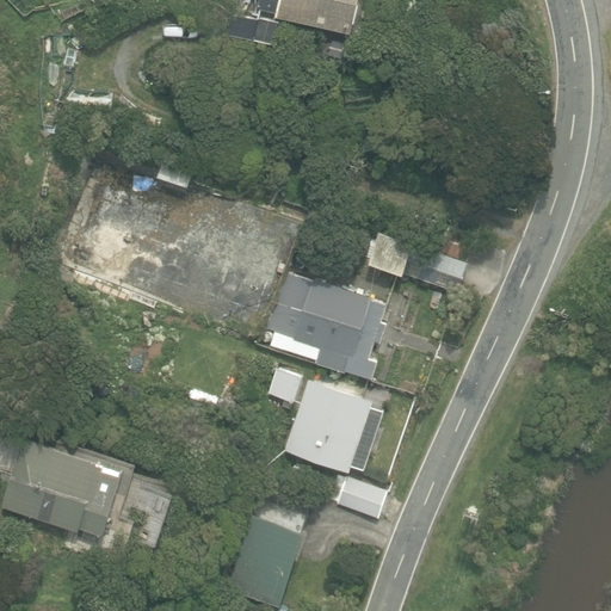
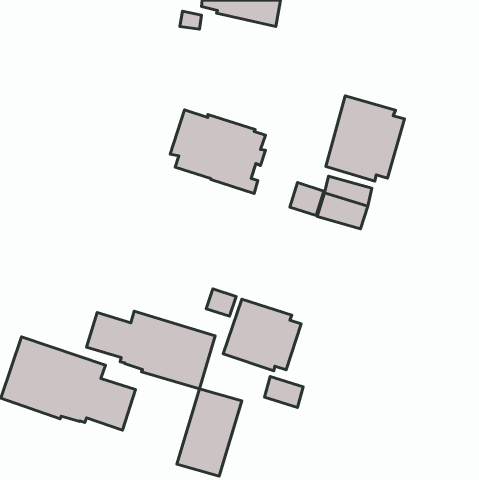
building: none -> [326,96,404,181]
building: [264,273,384,379] -> [170,110,265,194]
building: none -> [86,311,215,389]

